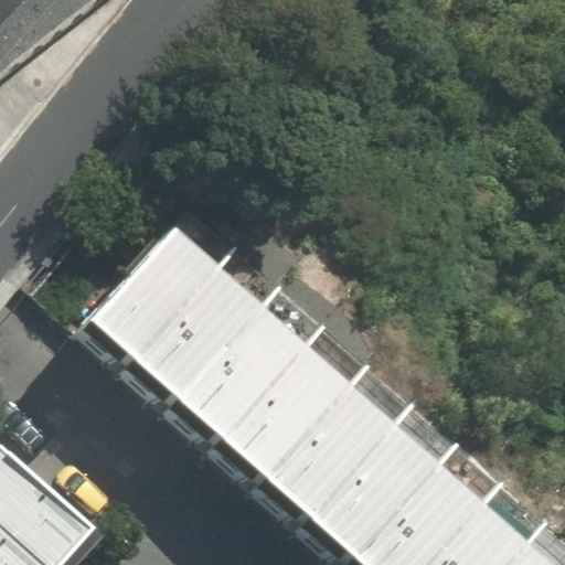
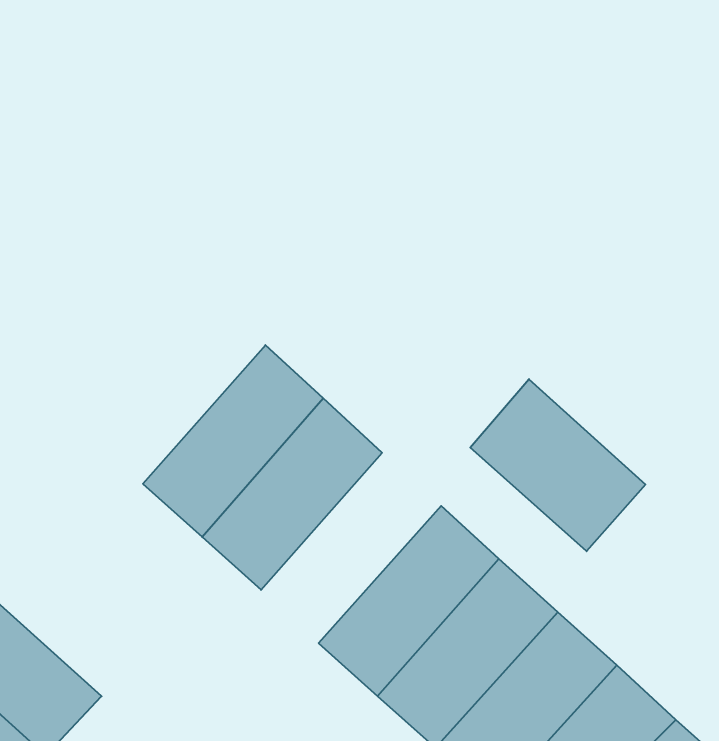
building: [85,224,221,367] -> none
building: none -> [470,379,645,551]
building: [217,344,352,487] -> none

